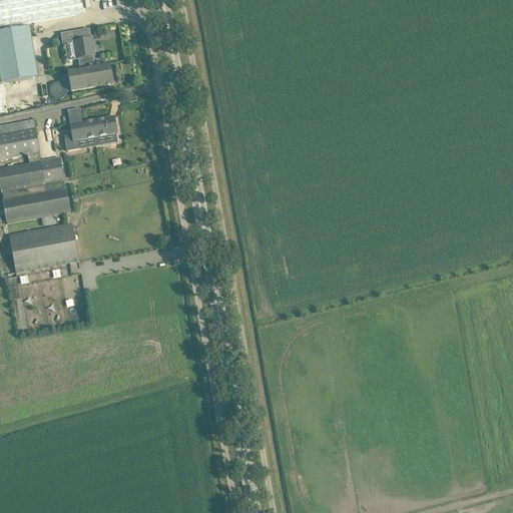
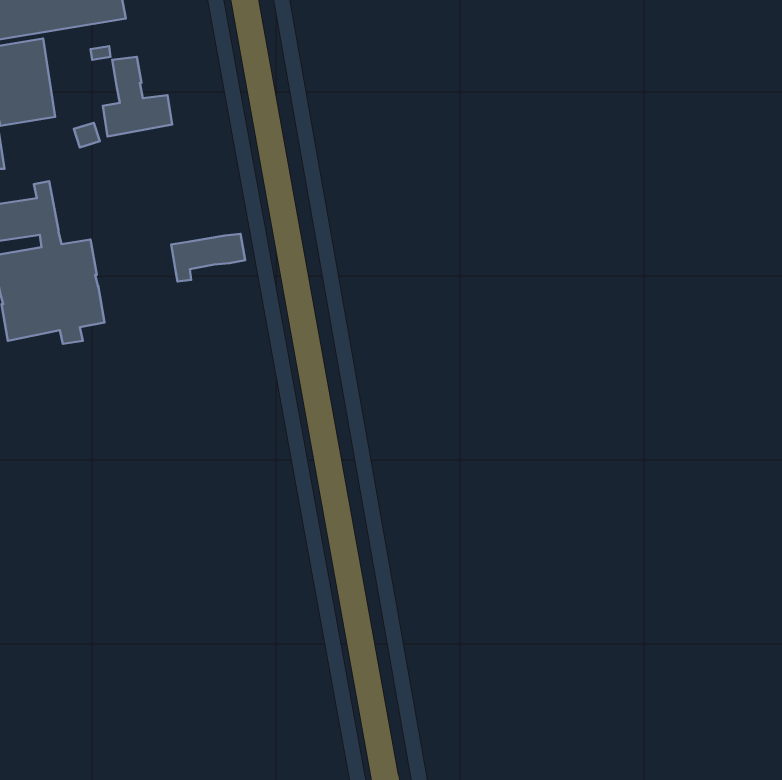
building: [68,115,116,146] -> [171,234,245,281]
building: [8,222,77,272] -> none

